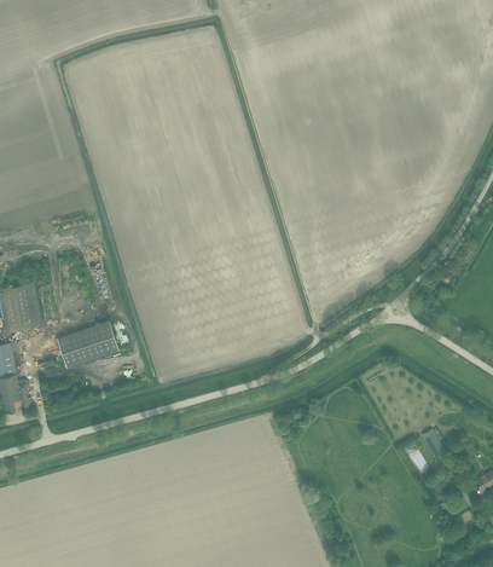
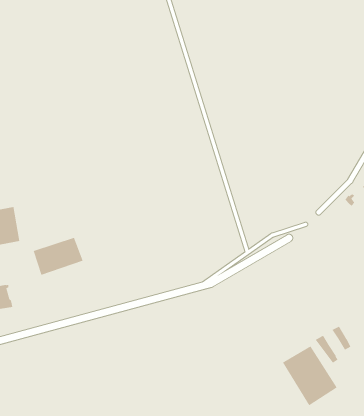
building: none -> [282,346,337,406]

